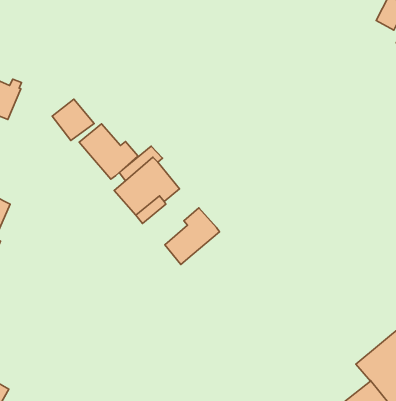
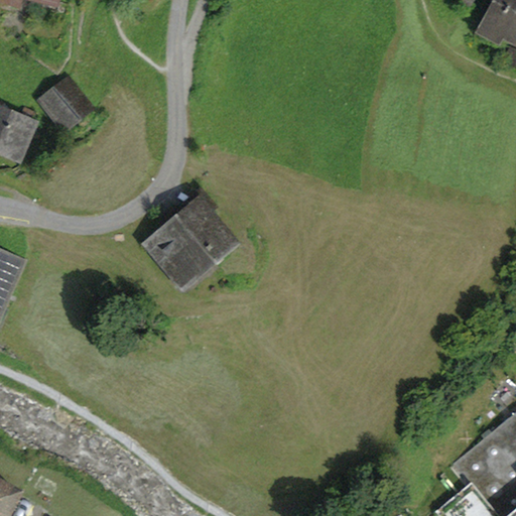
building: [52,99,94,140] -> [39,78,92,129]
building: [79,124,138,179] -> none
building: [165,208,219,265] -> none

